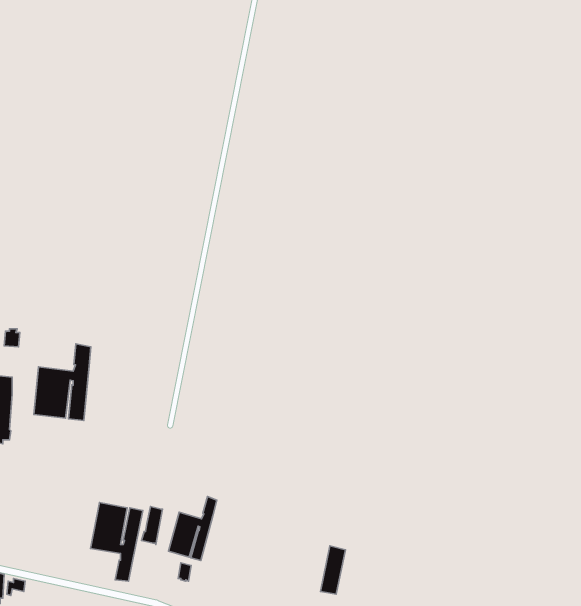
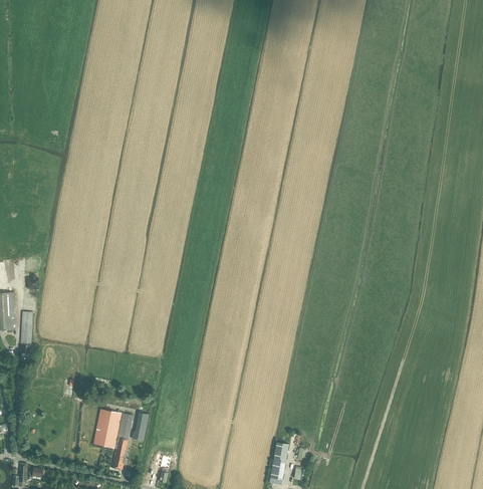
building: [34,344,91,420] -> none
building: [168,497,217,561] -> none

